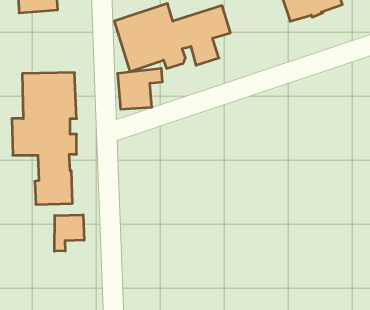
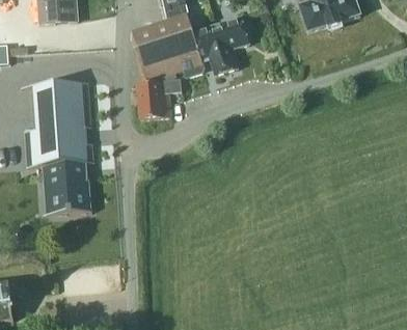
building: [54,215,84,251] -> none

